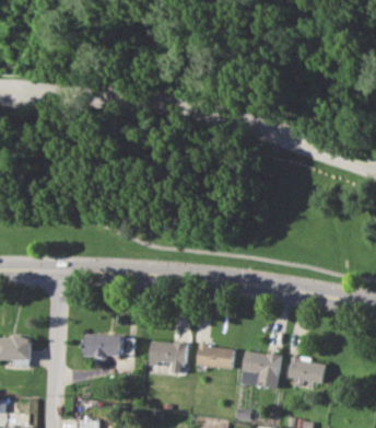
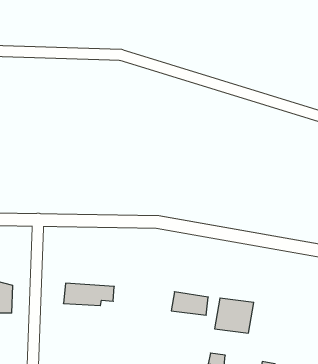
building: [149,339,186,372] -> none
building: [286,357,327,383] -> none

